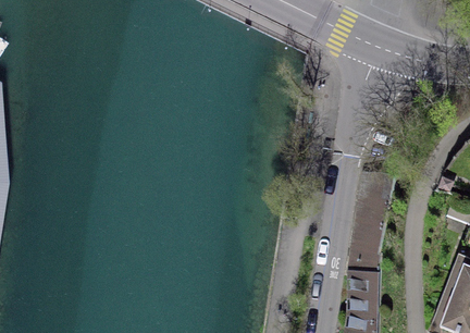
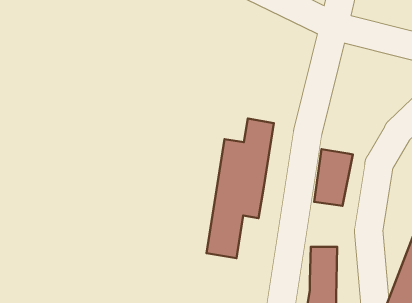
building: none -> [206,119,274,258]
building: [346,225,383,272] -> none

